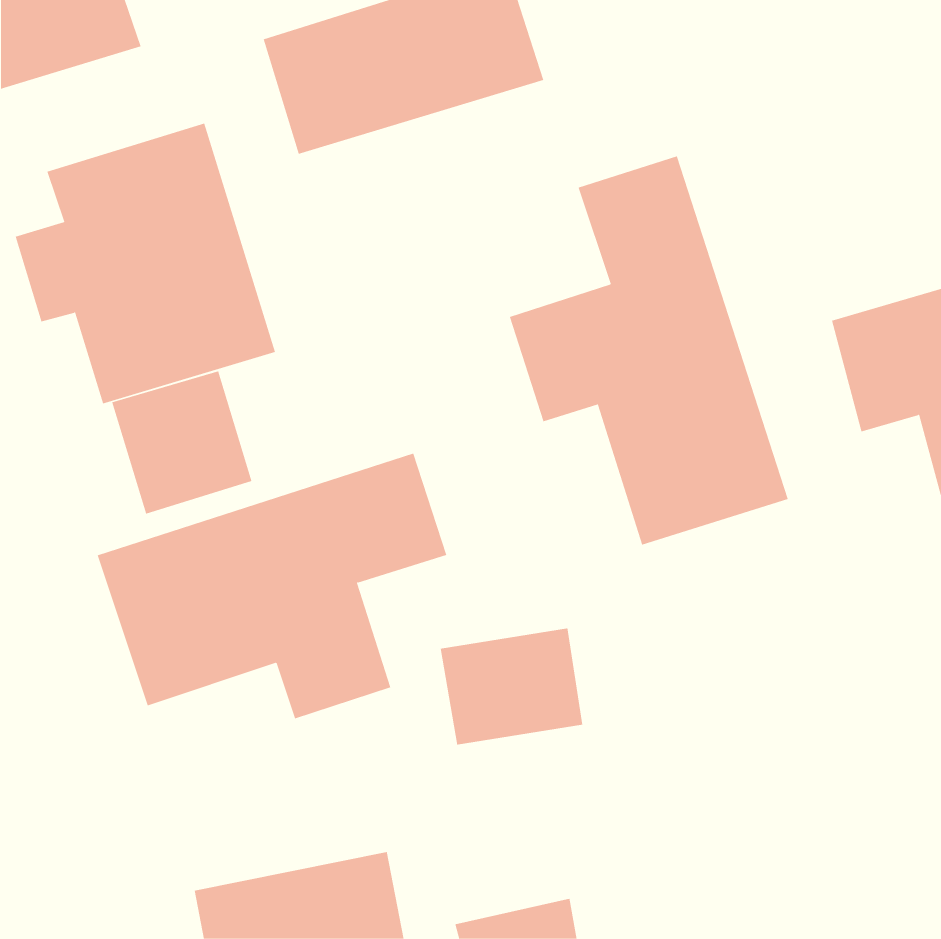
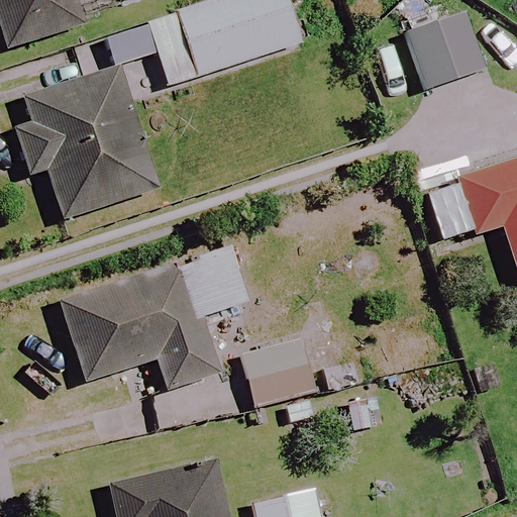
building: none -> [408,13,486,88]
building: [509,155,789,546] -> none
building: [112,370,252,515] -> none

